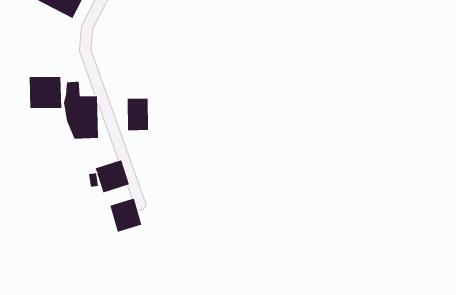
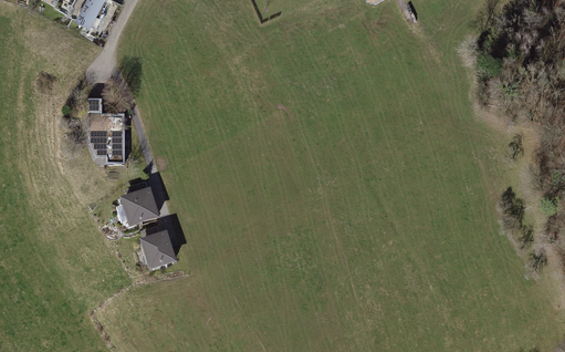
building: [29,76,62,109] -> none
building: [127,98,149,131] -> none

